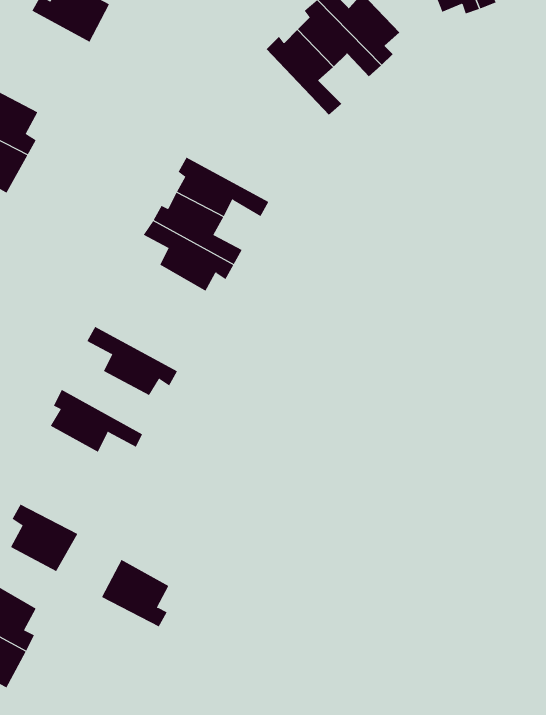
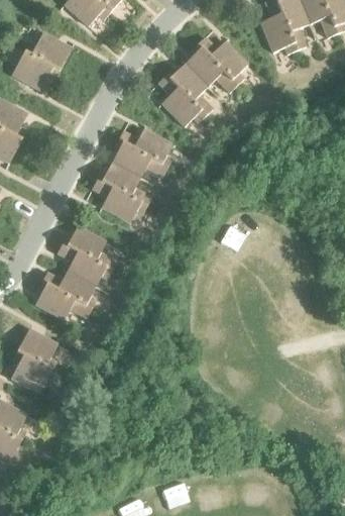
building: none -> [11,53,59,91]
building: none -> [157,76,204,127]
building: none -> [117,129,171,169]
building: none -> [62,226,117,272]
building: none -> [41,272,96,310]
building: [101,559,169,627] -> [16,329,58,371]

